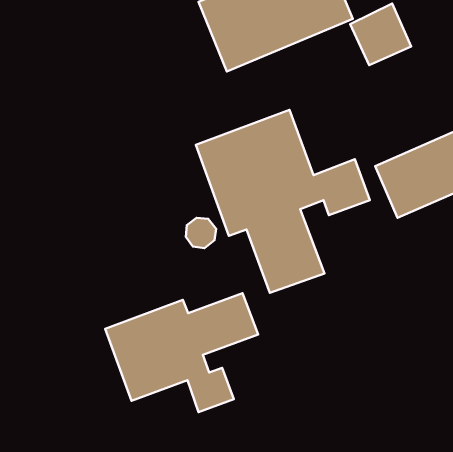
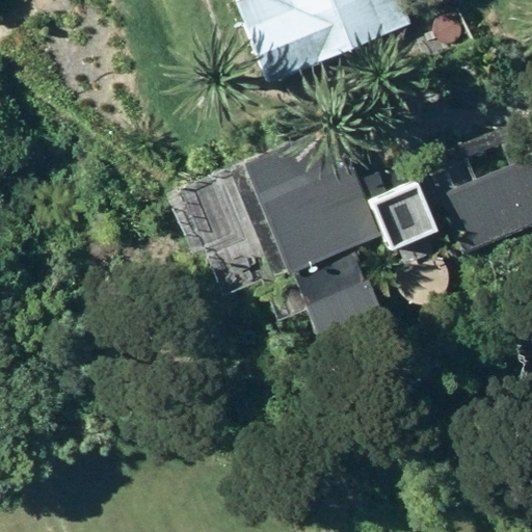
building: [105,293,258,412] -> none

